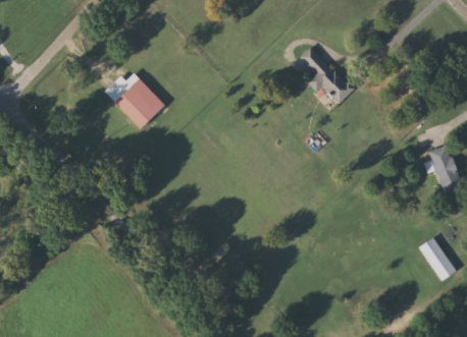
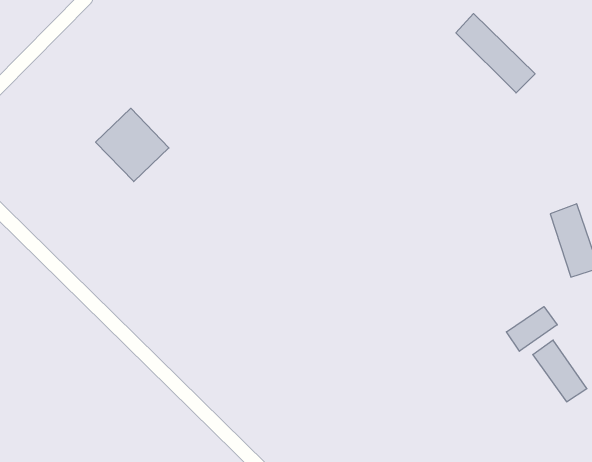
building: [297,46,352,101] -> [456,14,535,93]
building: none -> [506,307,557,351]

